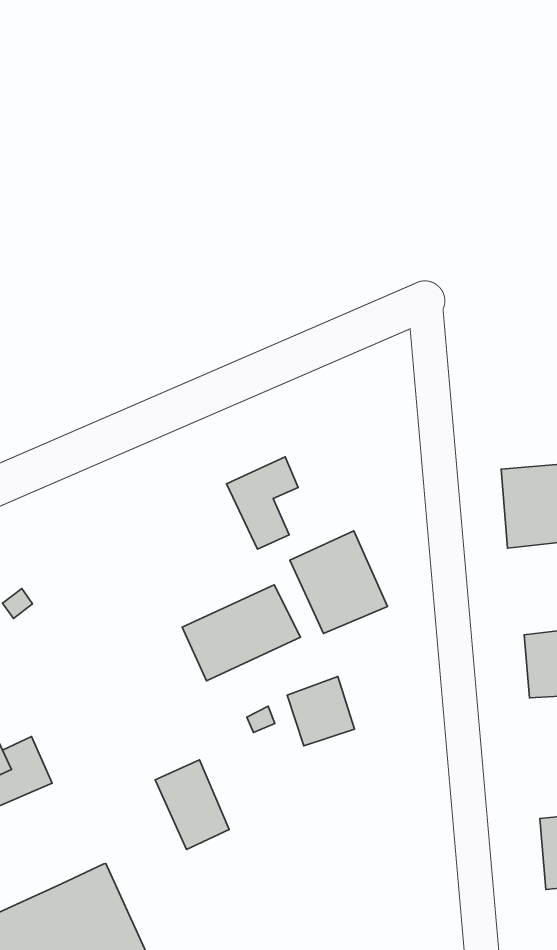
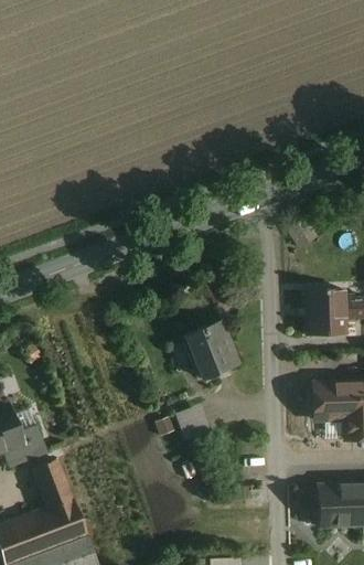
building: [227,457,298,549] -> none
building: [182,585,301,681] -> none
building: [155,760,229,850] -> [34,459,74,509]

